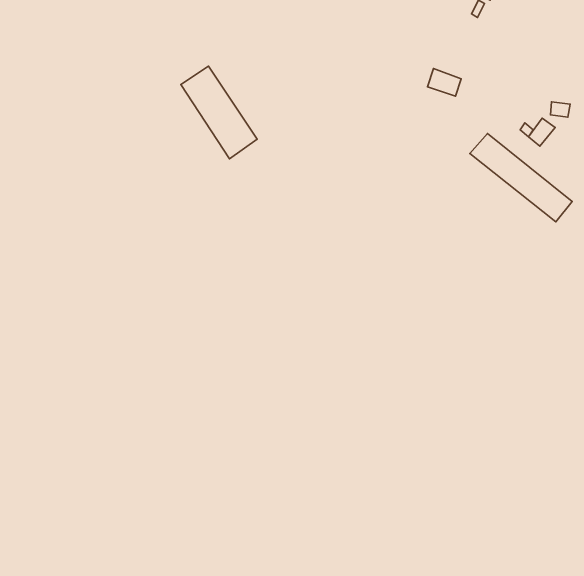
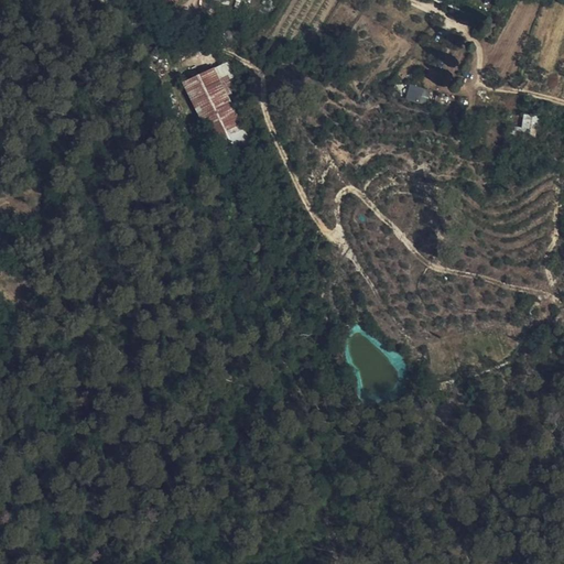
building: [470,134,572,222] -> none

